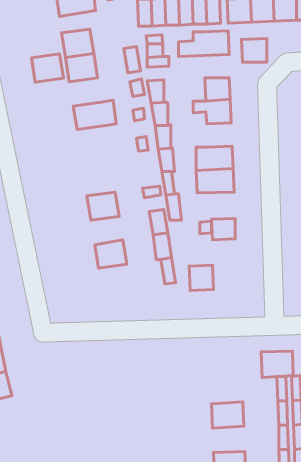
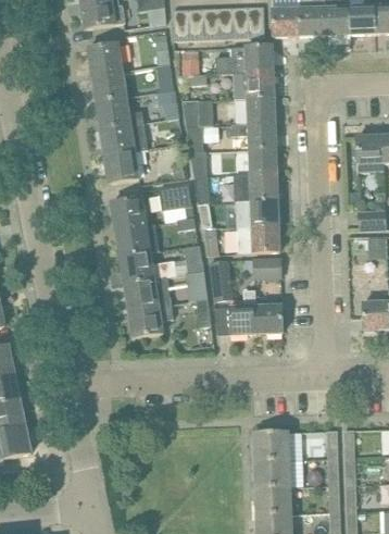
building: [242,39,267,62] -> [246,72,274,98]
building: [31,54,64,82] -> [96,98,131,129]
building: none -> [249,148,277,175]
building: none -> [104,151,140,184]
building: none -> [161,183,193,209]
building: none -> [111,198,147,229]
building: none -> [238,225,279,253]
building: none -> [120,252,155,284]
building: none -> [212,260,234,301]
building: none -> [128,303,173,338]
building: none -> [255,306,283,334]
building: [261,351,293,377] -> [253,432,289,461]
building: none -> [255,486,291,516]

